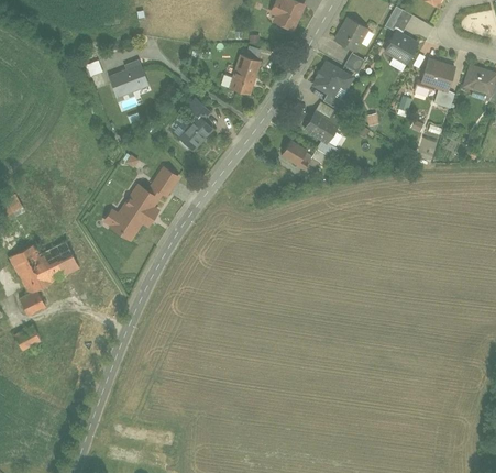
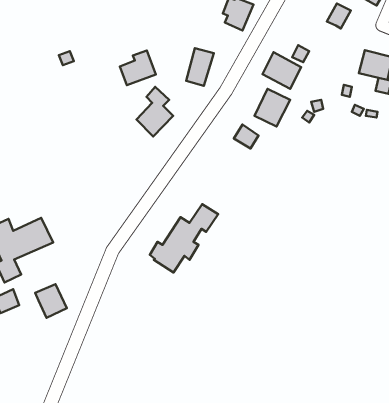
building: [334,15,370,50] -> none
building: [384,30,417,63] -> none
building: [108,61,147,99] -> [120,51,156,85]
building: [103,166,179,242] -> [150,204,218,273]
building: none -> [35,284,67,318]

